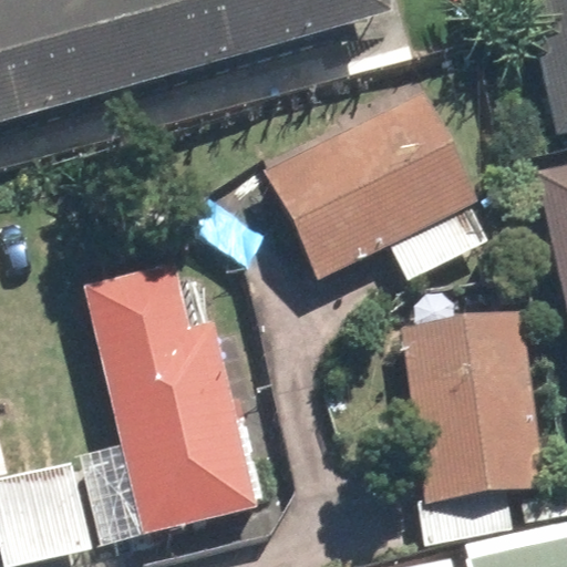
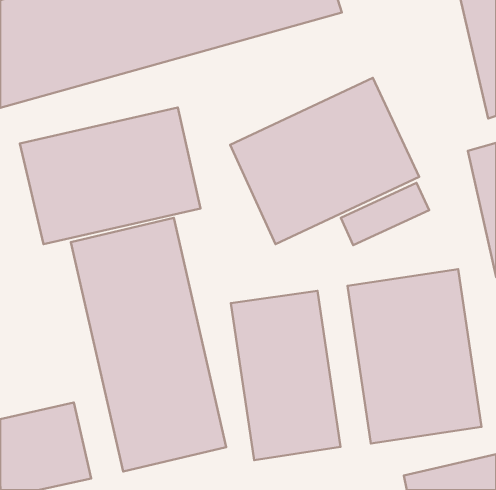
building: none -> [20,107,201,244]
building: none -> [231,291,340,460]

